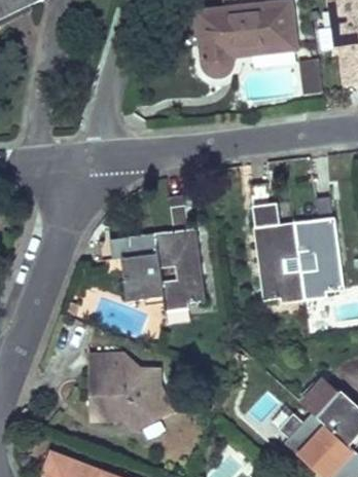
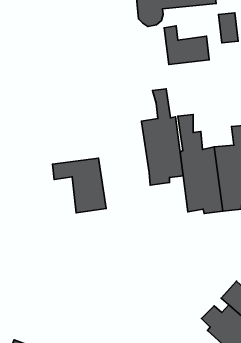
building: none -> [164,26,209,64]
building: [154,194,205,310] -> [142,89,183,185]
building: [86,353,172,429] -> none

